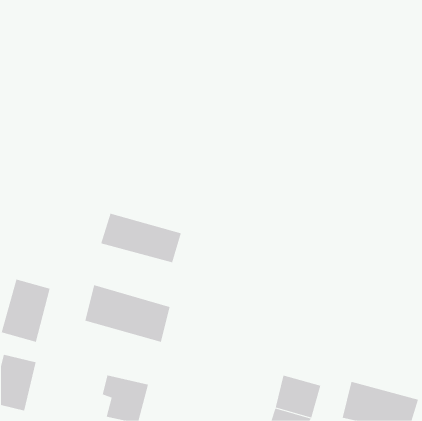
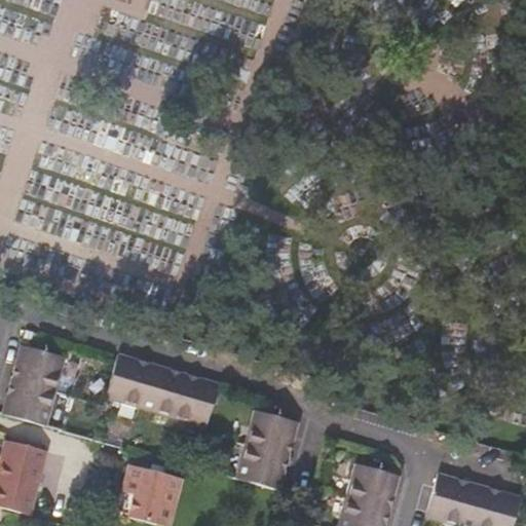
building: [101,213,182,263] -> none
building: none -> [234,409,296,489]

